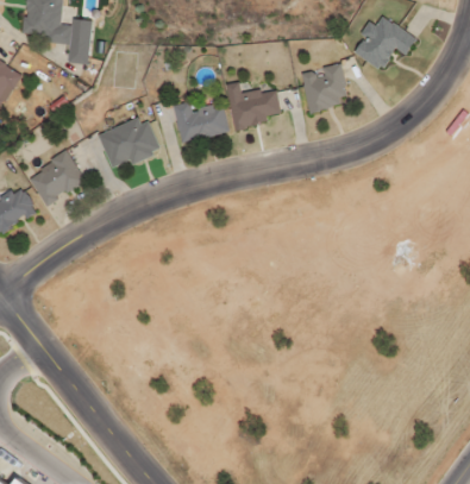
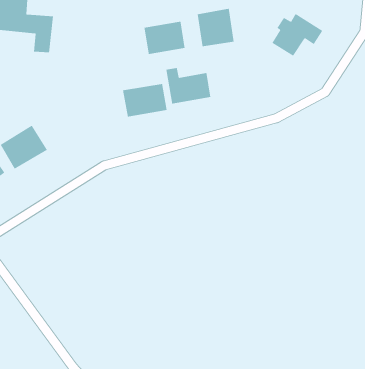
building: none -> [144,21,185,55]
building: [300,65,345,112] -> [197,8,235,47]
building: [95,119,157,170] -> none

